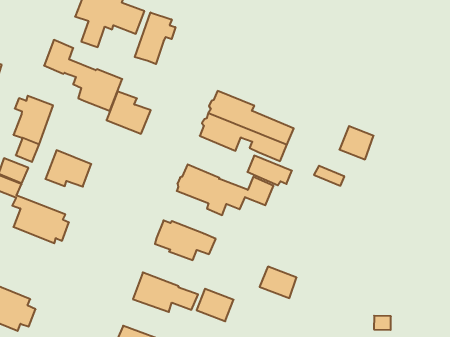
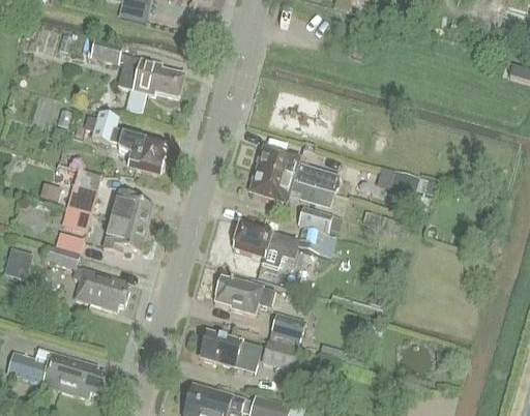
building: [135,12,175,64] -> none
building: [106,91,151,134] -> [110,188,152,228]
building: [260,267,297,298] -> [269,311,304,340]

